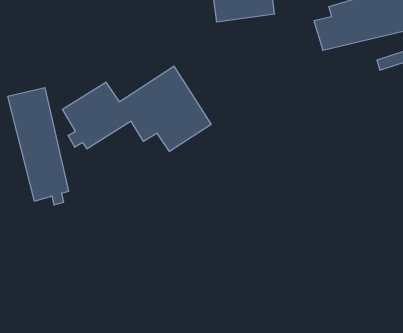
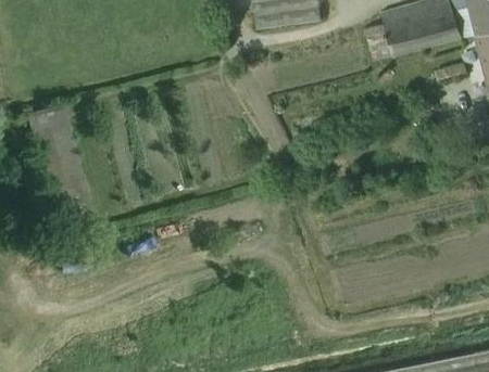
building: [63,66,211,151] -> none

